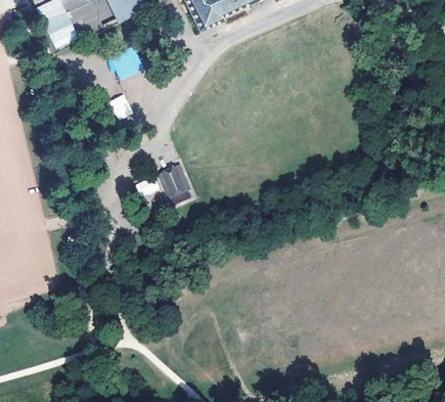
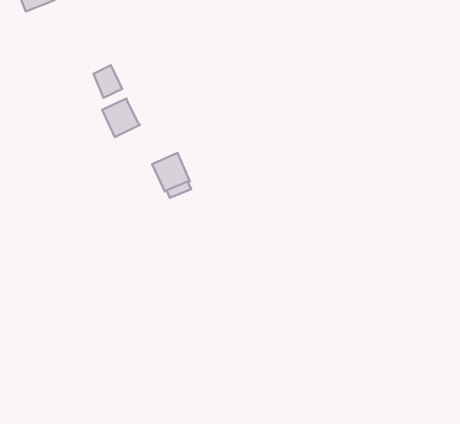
building: none -> [102,99,140,137]

